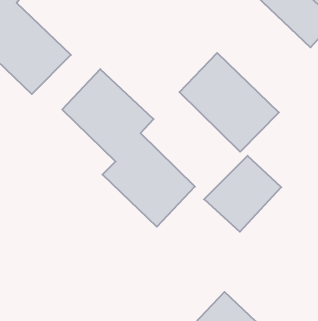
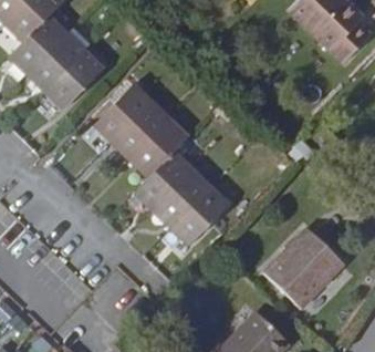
building: [179,53,279,152] -> none
building: [204,156,281,232] -> [265,227,344,304]

